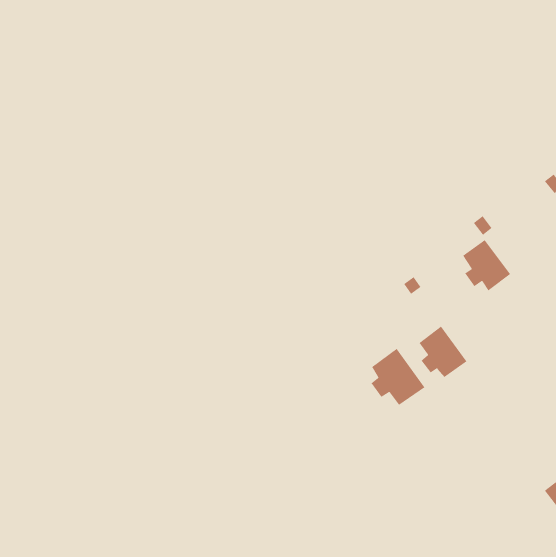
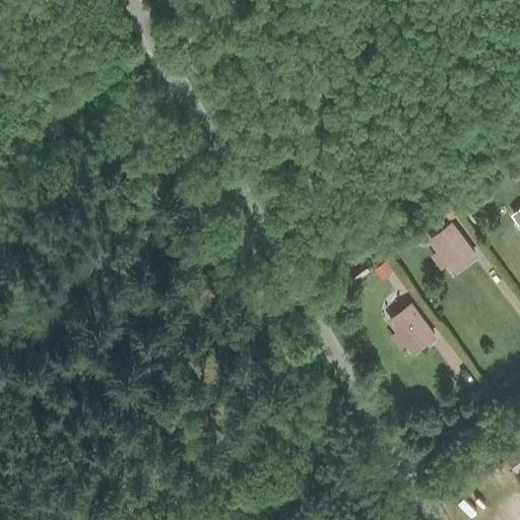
building: [371,348,426,406] -> none

